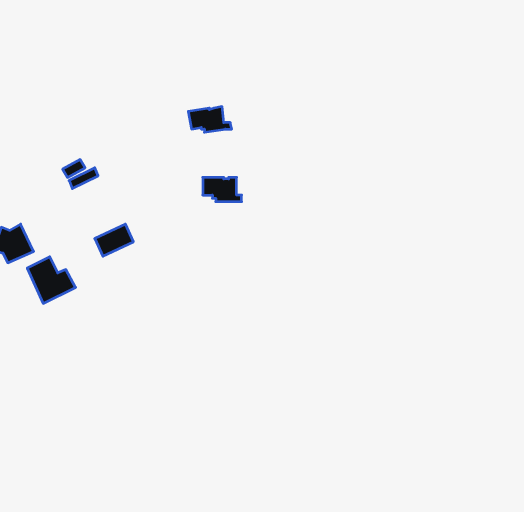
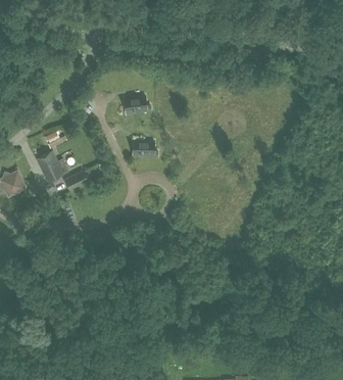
building: [27,257,76,303] -> [38,152,68,182]

